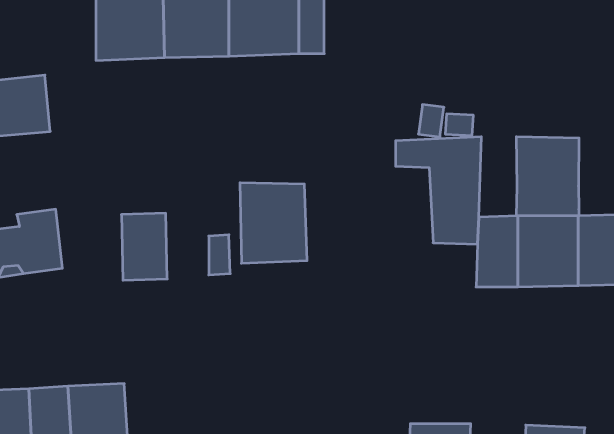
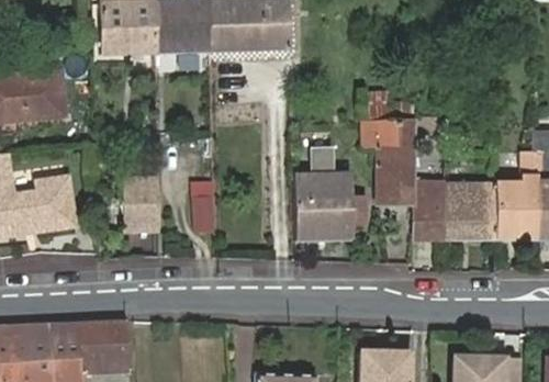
building: [516,137,579,216] -> none
building: [240,183,307,263] -> [294,173,349,239]

